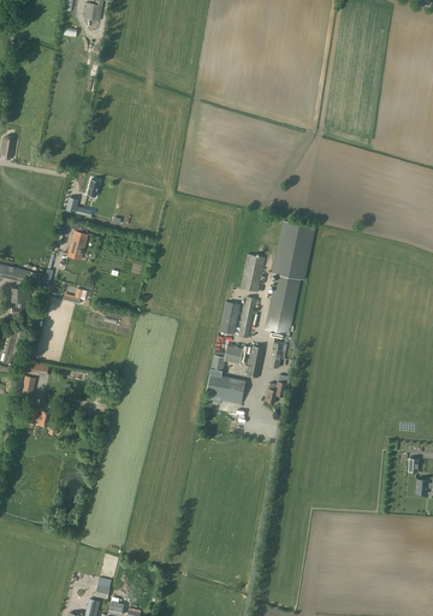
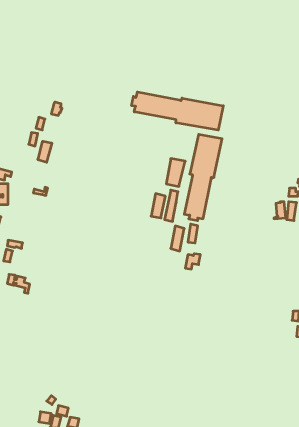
building: none -> [132,92,223,130]
building: [204,345,245,402] -> none

